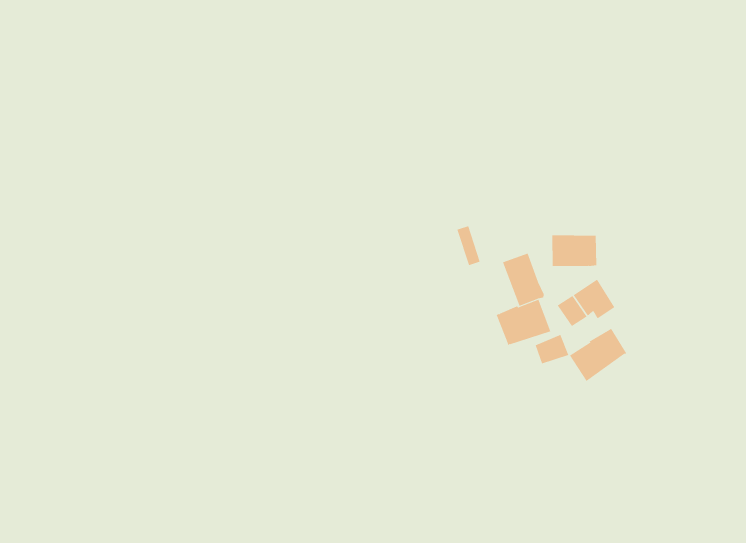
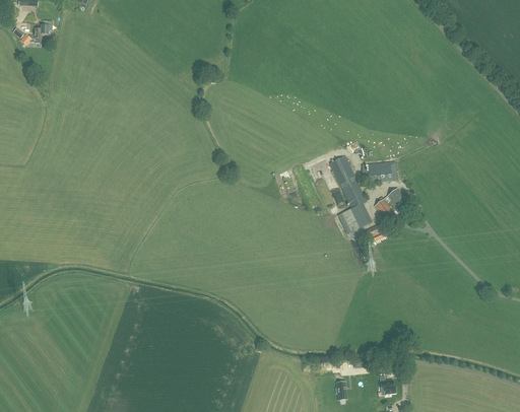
building: none -> [329,156,353,183]
building: [569,328,627,382] -> none

